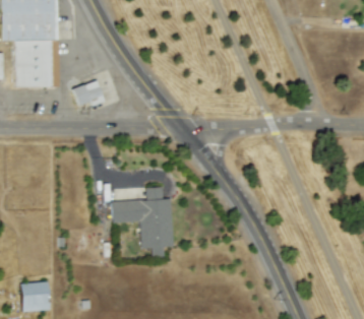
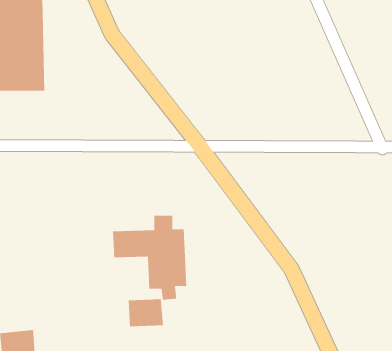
building: [72,79,104,106] -> none
building: none -> [128,298,164,327]

